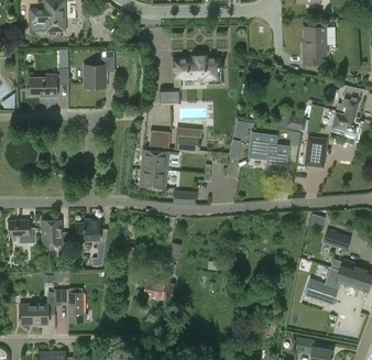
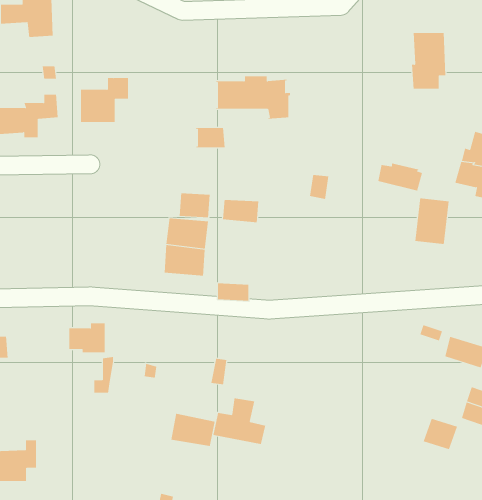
building: [250,133,288,171] -> none
building: [43,219,69,246] -> none
building: none -> [213,397,266,445]
building: [62,288,84,321] -> none

